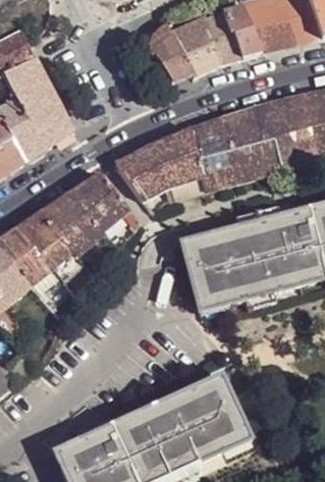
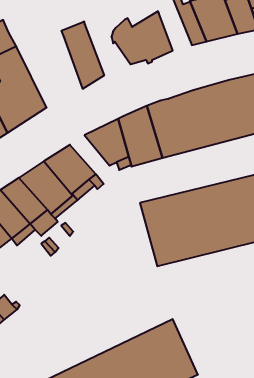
building: [205,10,243,61] -> none
building: none -> [62,21,104,89]

